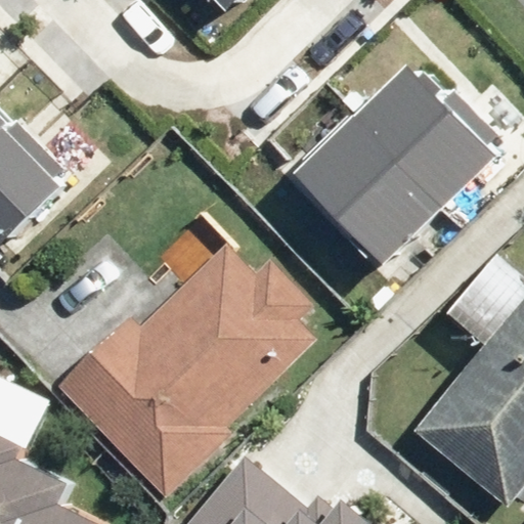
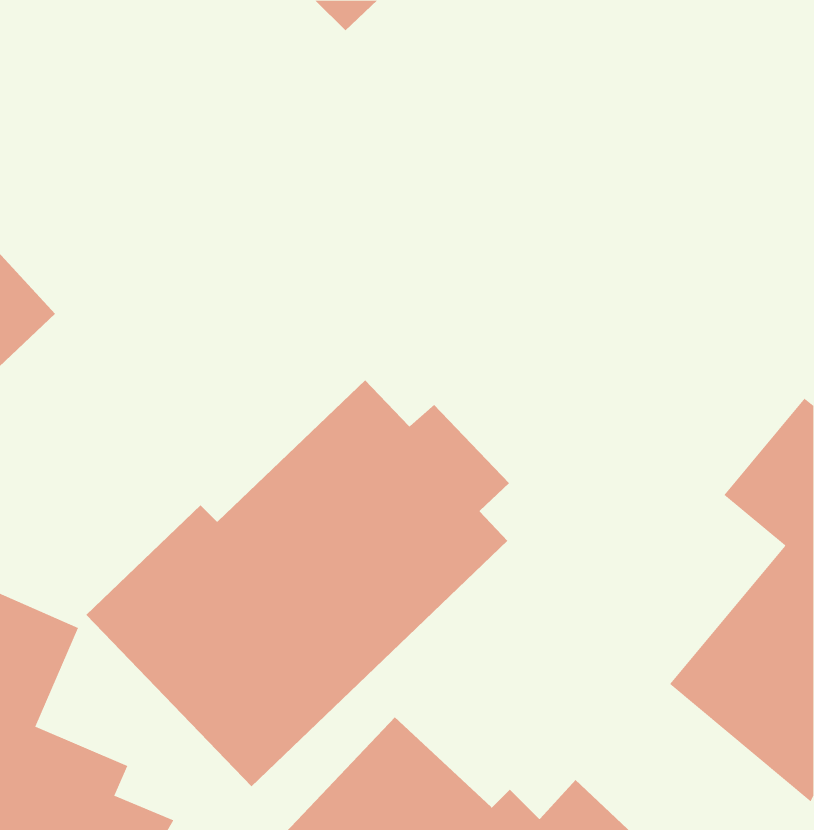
building: [305,77,495,265] -> none

